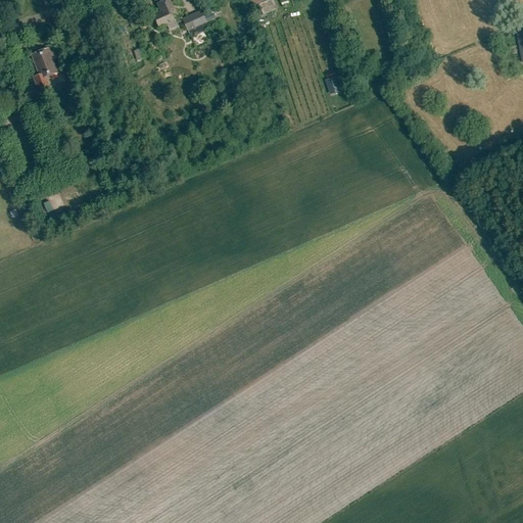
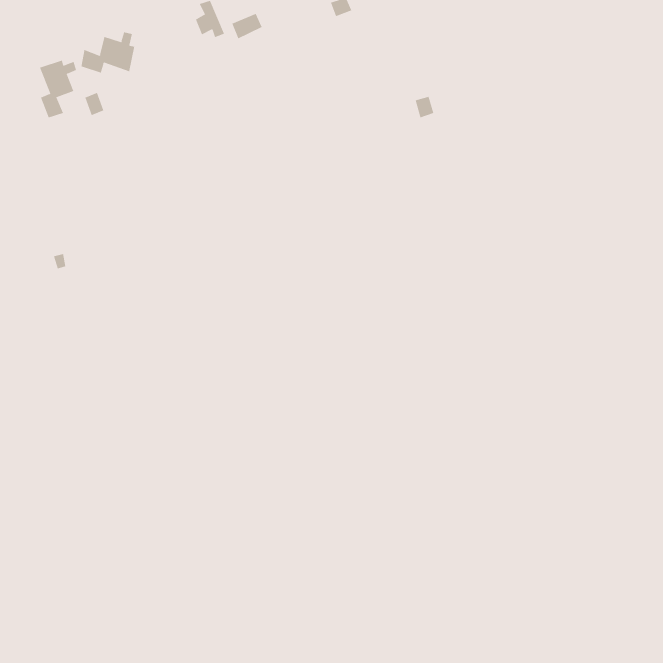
building: none -> [81,31,135,73]

